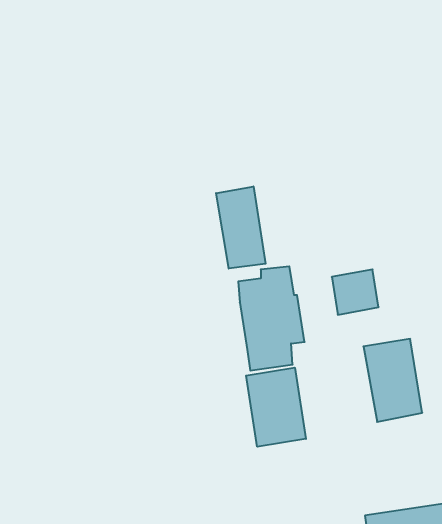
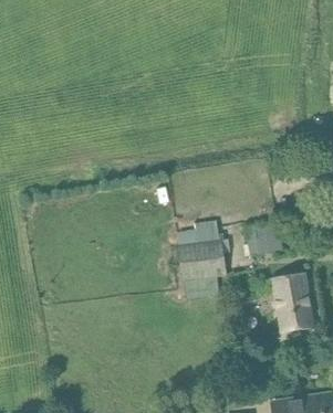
building: [216,186,266,269] -> none
building: [246,368,306,447] -> none

